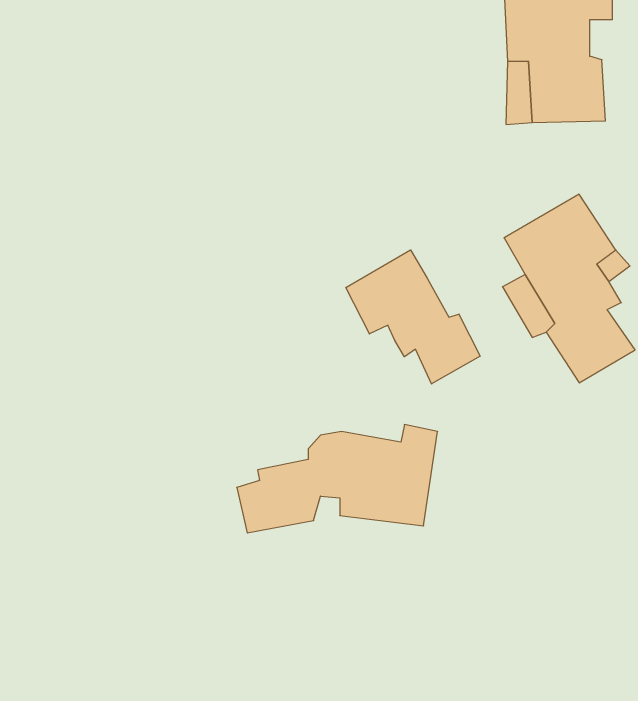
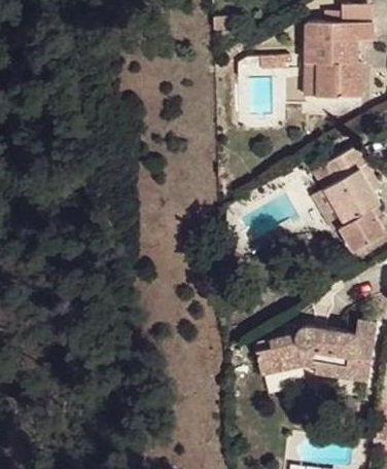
building: [346,250,480,384] -> none
building: [237,425,438,533] -> [256,321,375,385]

